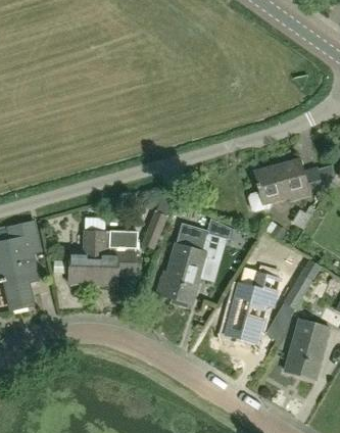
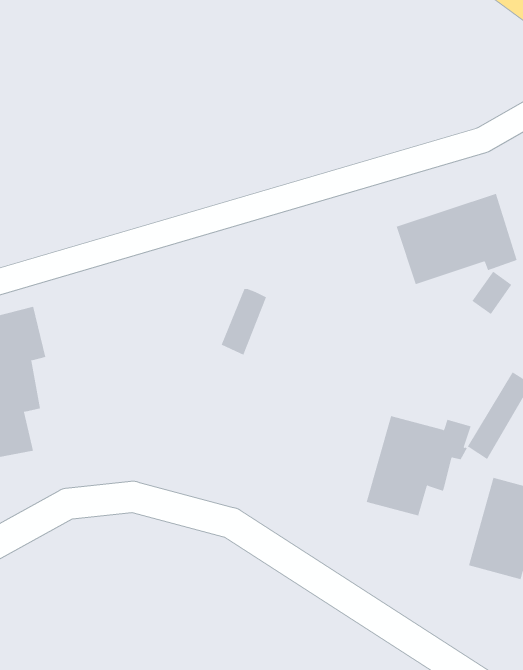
building: [156,222,226,306] -> none
building: [69,231,138,282] -> none

